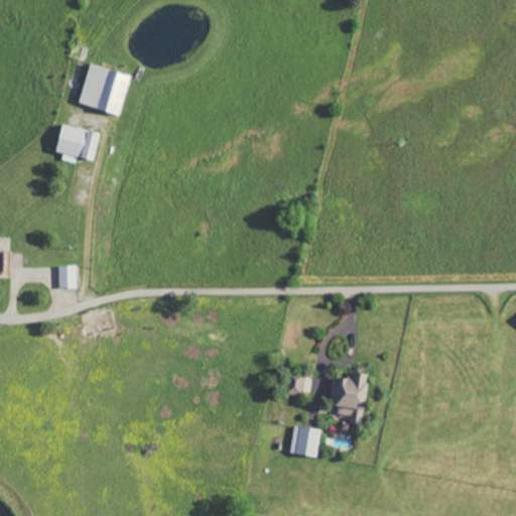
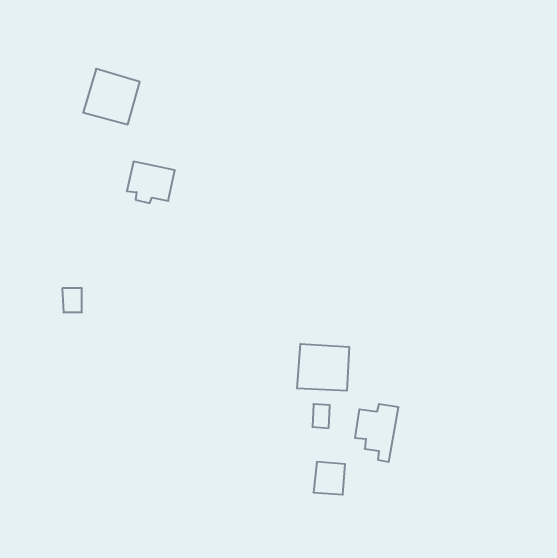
building: [54,125,99,163] -> [127,162,175,203]
building: none -> [297,344,349,391]

